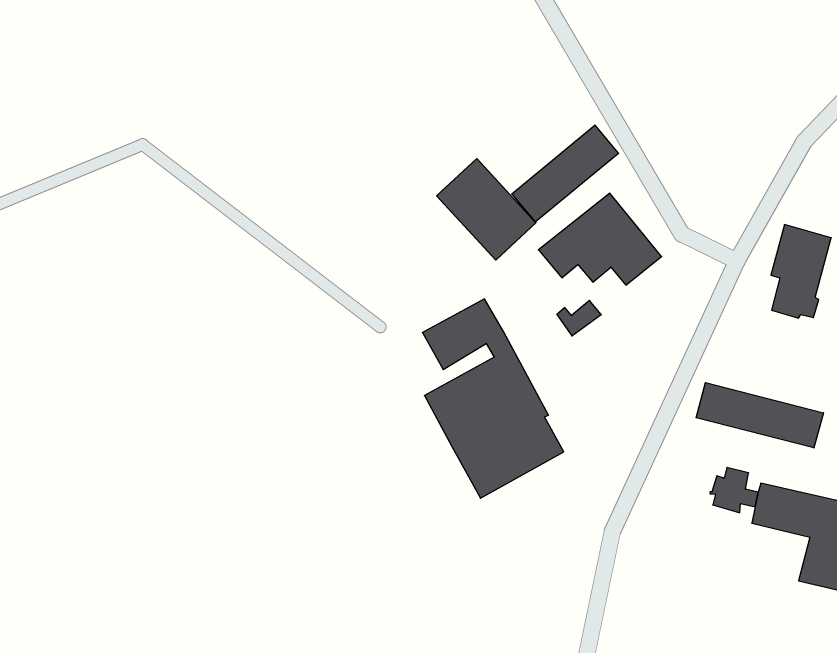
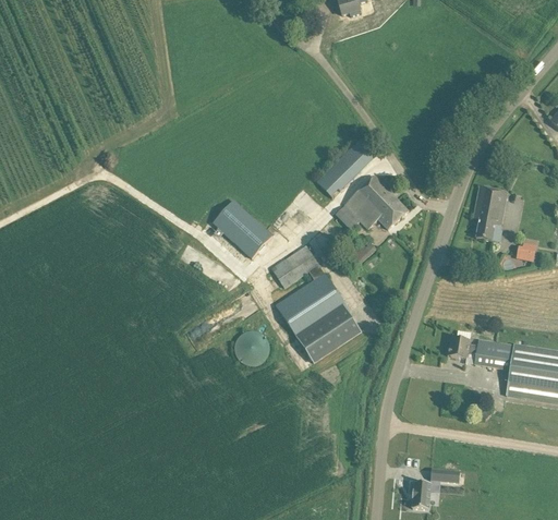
building: [437,159,536,260] -> [213,198,272,257]
building: [696,383,823,448] -> none
building: none -> [234,330,269,365]

